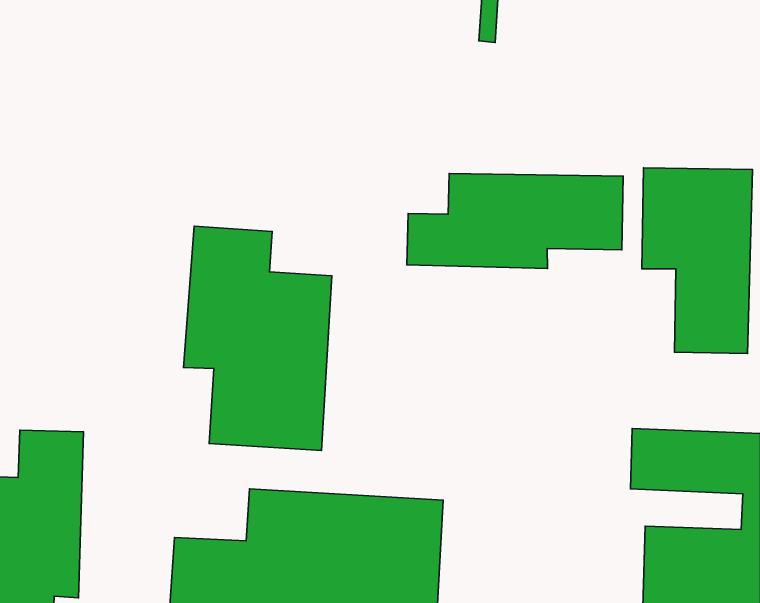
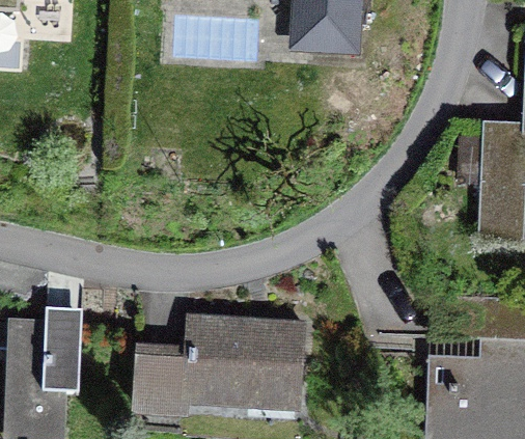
building: [407,173,623,268] -> none
building: [184,226,332,450] -> none

